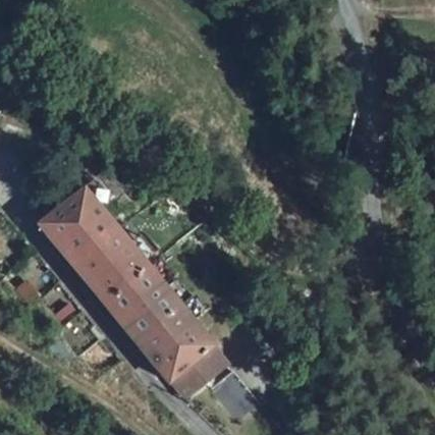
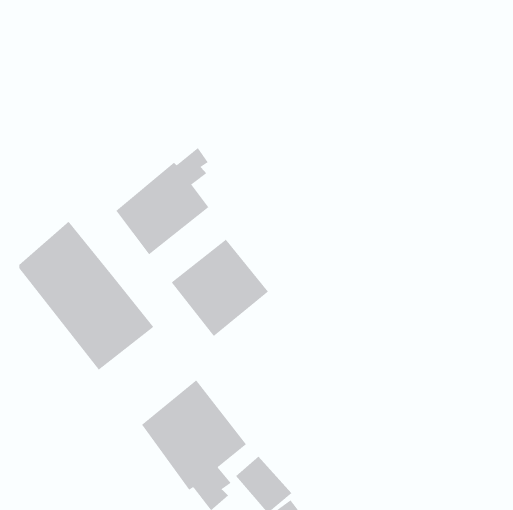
building: none -> [116,147,209,255]
building: [105,269,182,346] -> [171,239,269,337]

